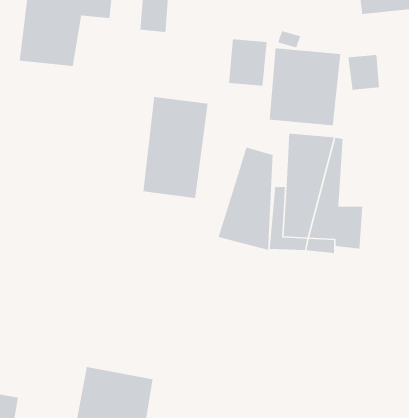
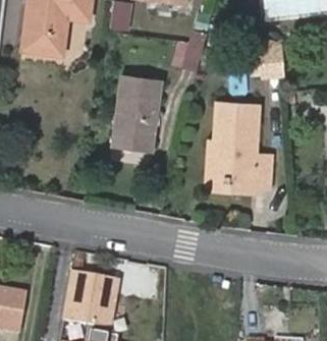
building: [269,48,341,126] -> none
building: [217,146,274,251] -> none

